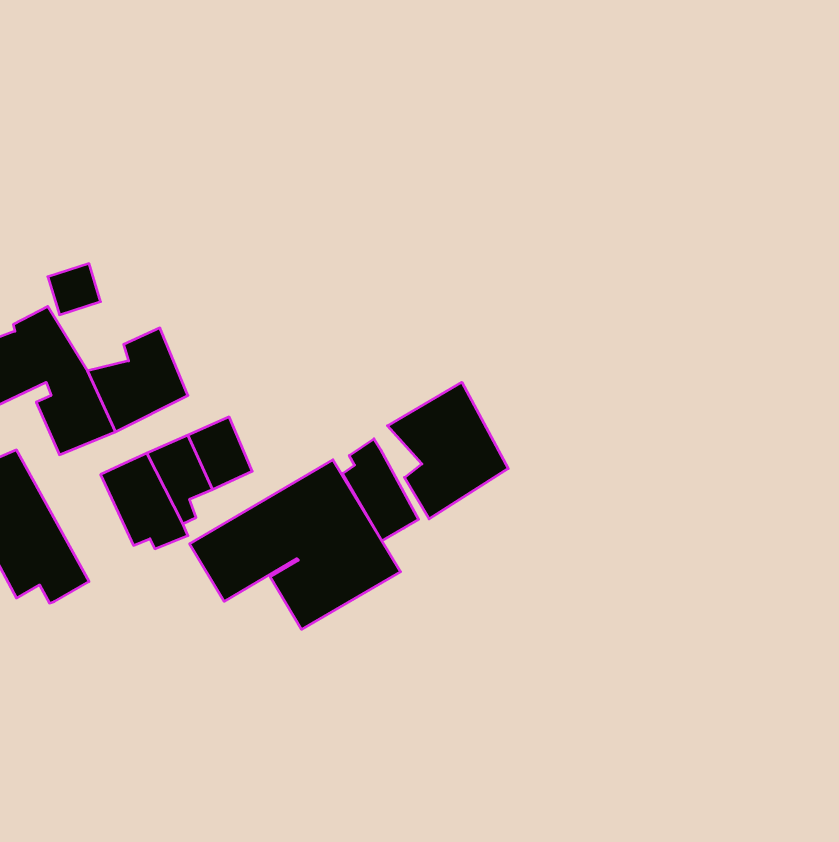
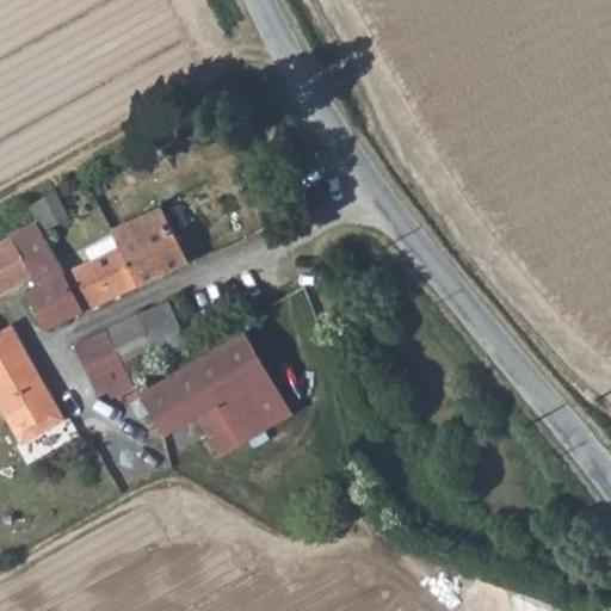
building: none -> [112,205,185,286]
building: [387,382,508,519] -> none
building: [342,439,419,541] -> none

